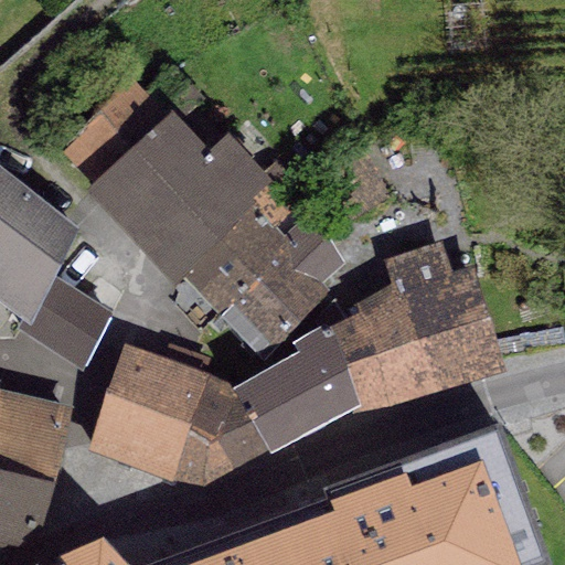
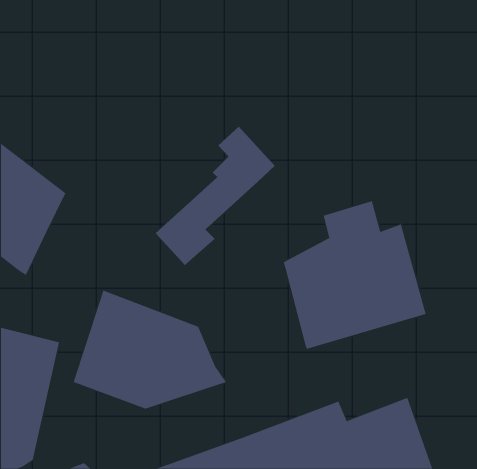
building: [85,115,269,287] -> none
building: [218,215,345,361] -> none
building: [13,274,110,369] -> none
building: [235,318,360,452] -> none

